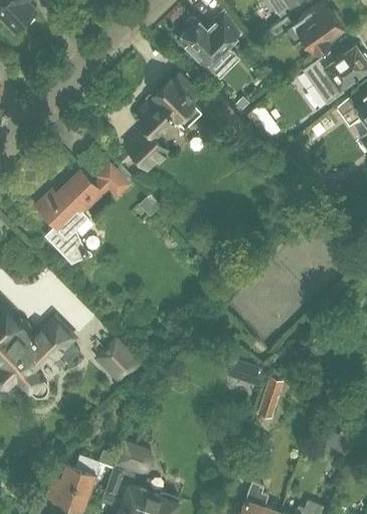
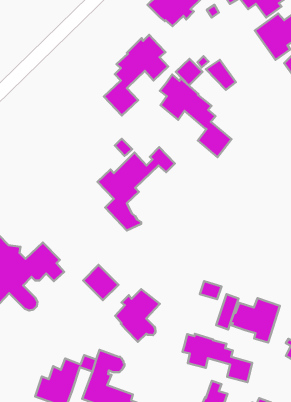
building: none -> [160,75,231,157]
building: [37,166,128,264] -> [98,147,175,231]
building: none -> [115,289,160,342]
building: none -> [231,298,280,343]
building: none -> [183,334,252,382]

